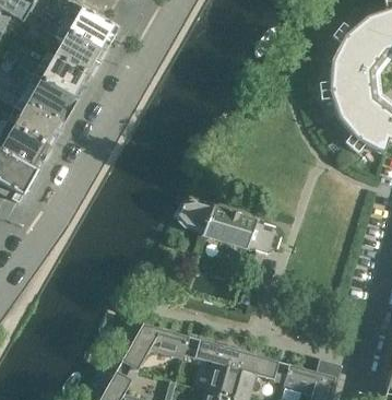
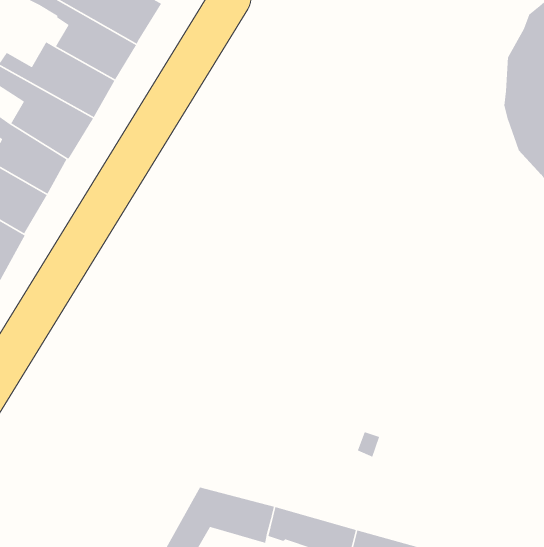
building: [176,201,281,255] -> none

